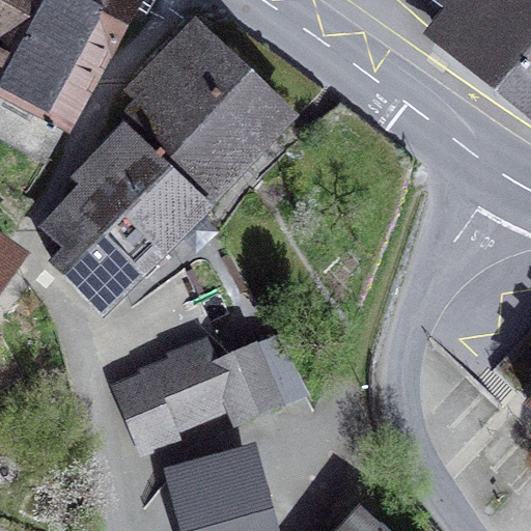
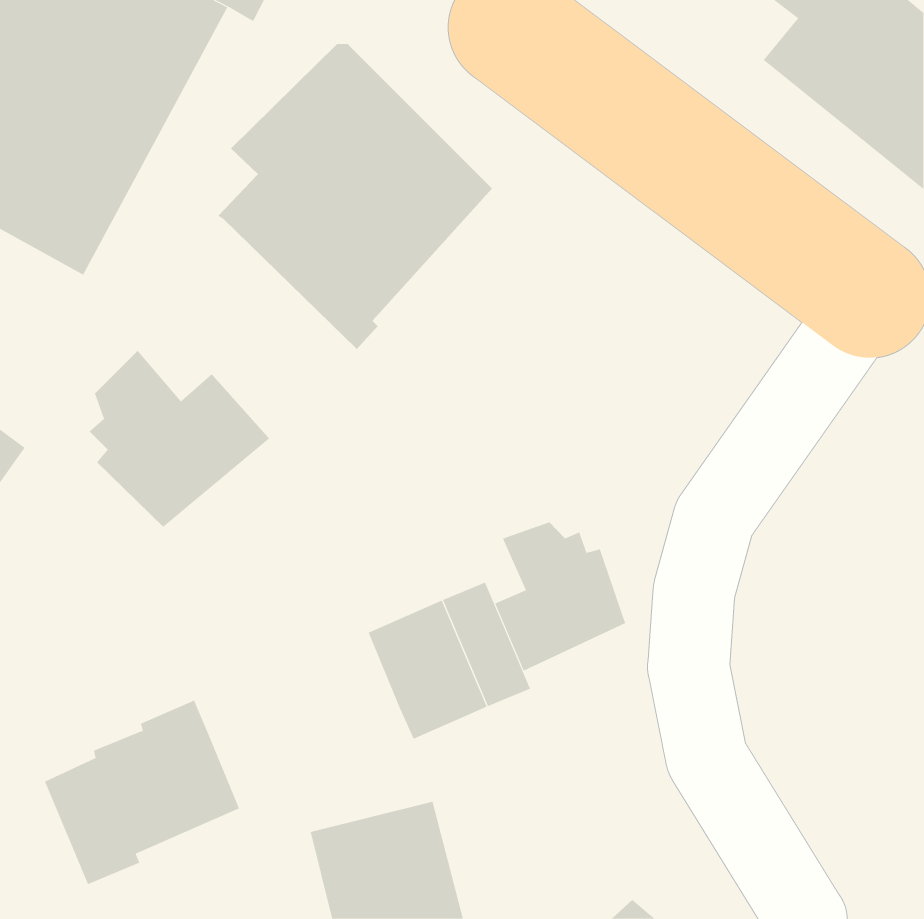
building: [79,125,207,251] -> none
building: none -> [495,521,626,671]
building: [116,342,228,448] -> [44,700,240,885]

